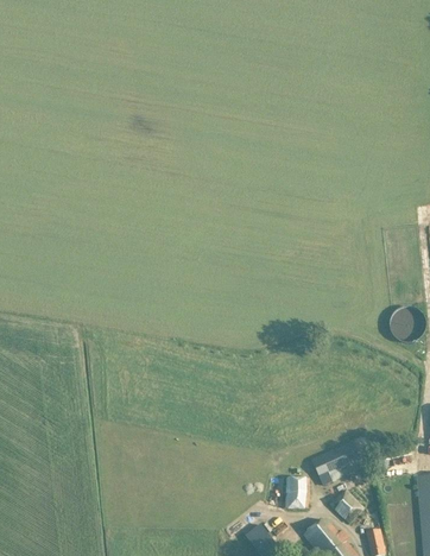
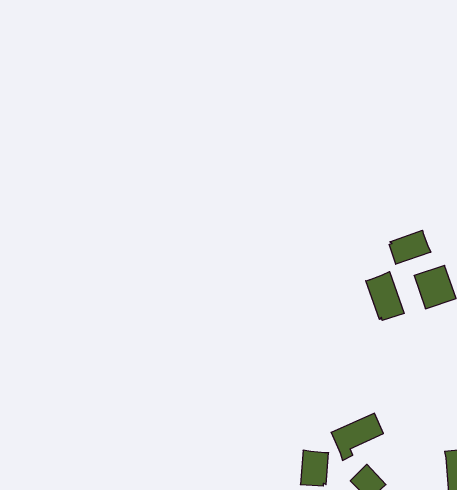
building: none -> [389,230,431,264]
building: none -> [366,272,404,320]

